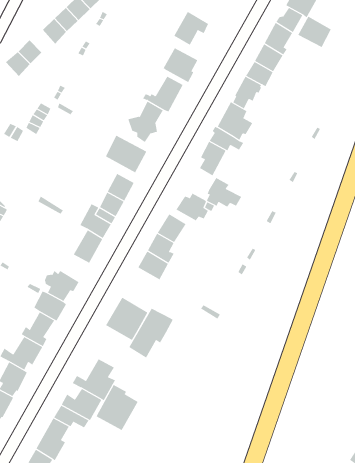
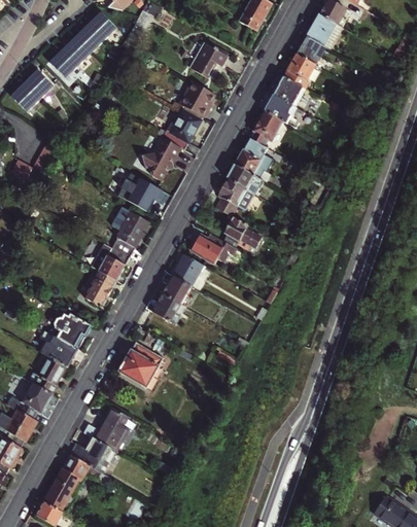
building: [297,16,332,48] -> none
building: [129,308,174,358] -> none
building: [96,384,139,431] -> none

